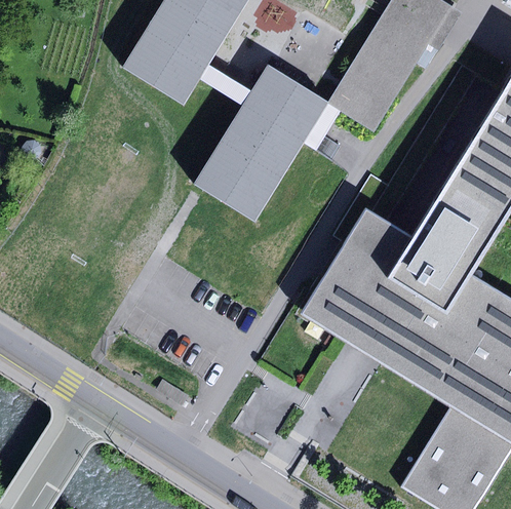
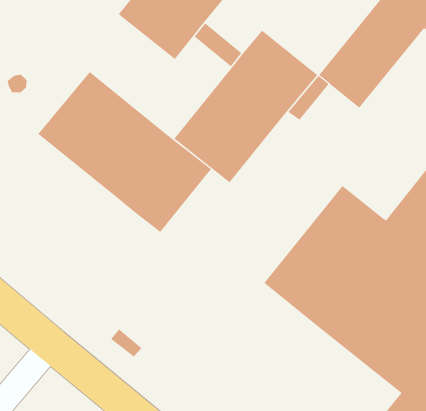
building: none -> [38,71,212,233]

